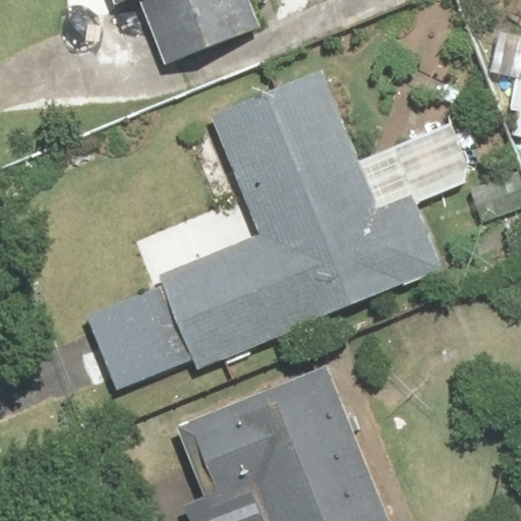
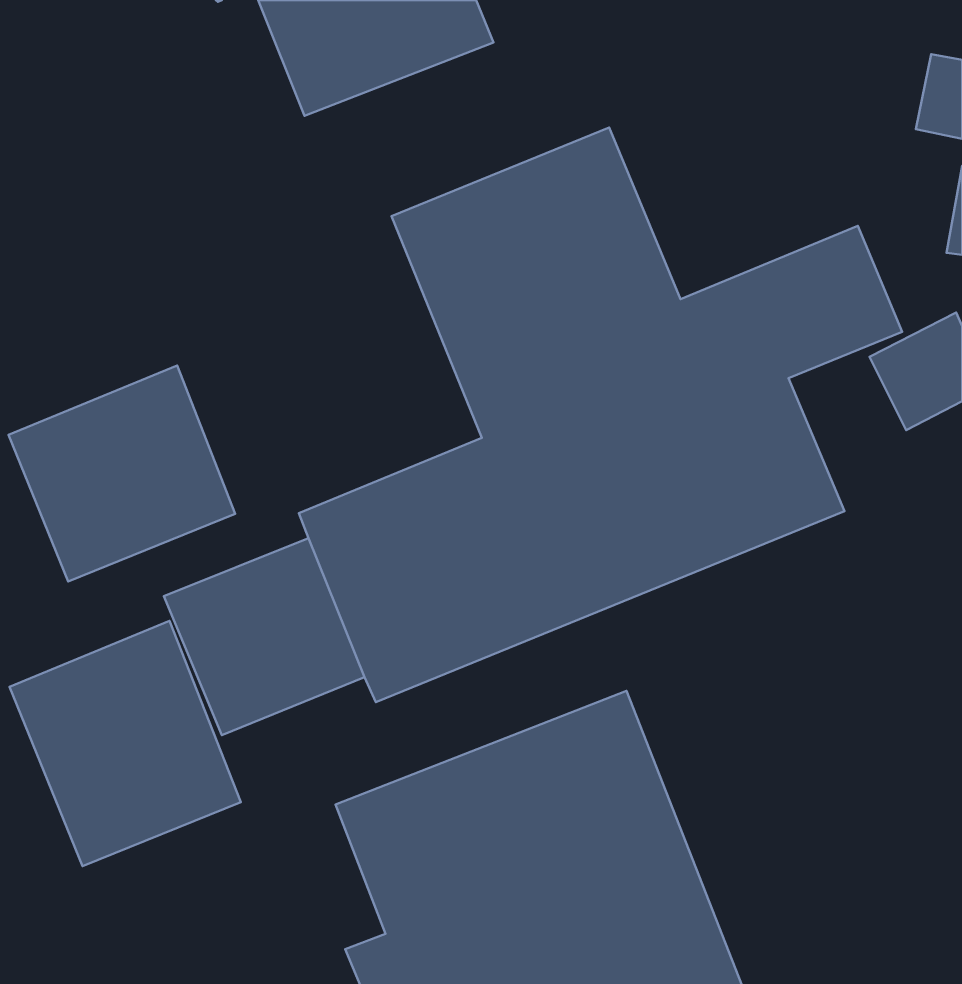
building: none -> [9,366,235,582]
building: none -> [9,621,241,866]

